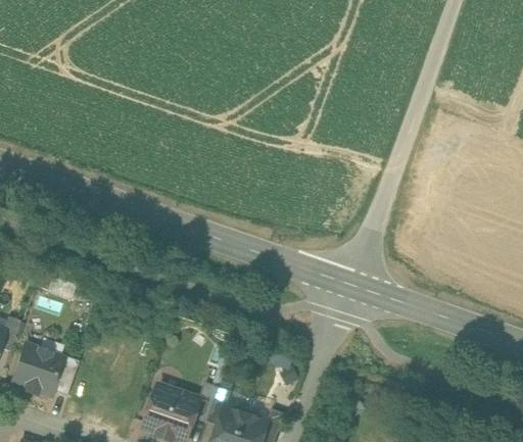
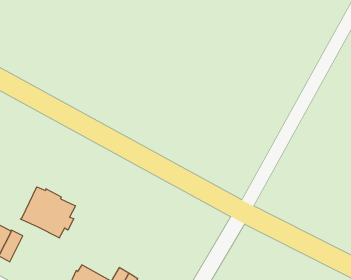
building: none -> [20,187,75,238]

